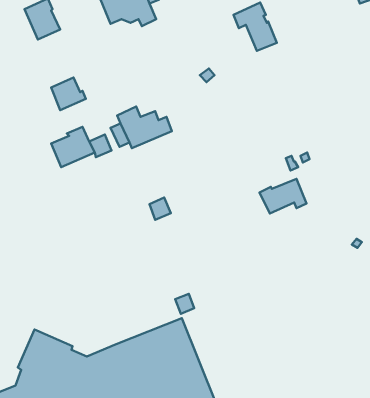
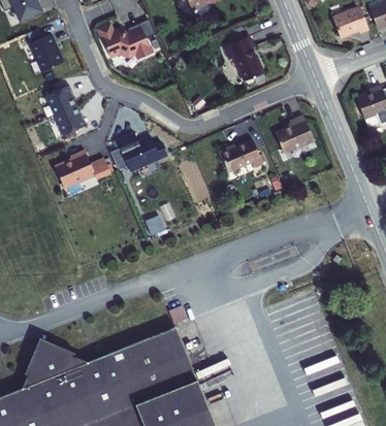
building: none -> [45,85,75,114]
building: none -> [276,116,314,153]
building: [260,179,307,214] -> [219,139,262,171]

